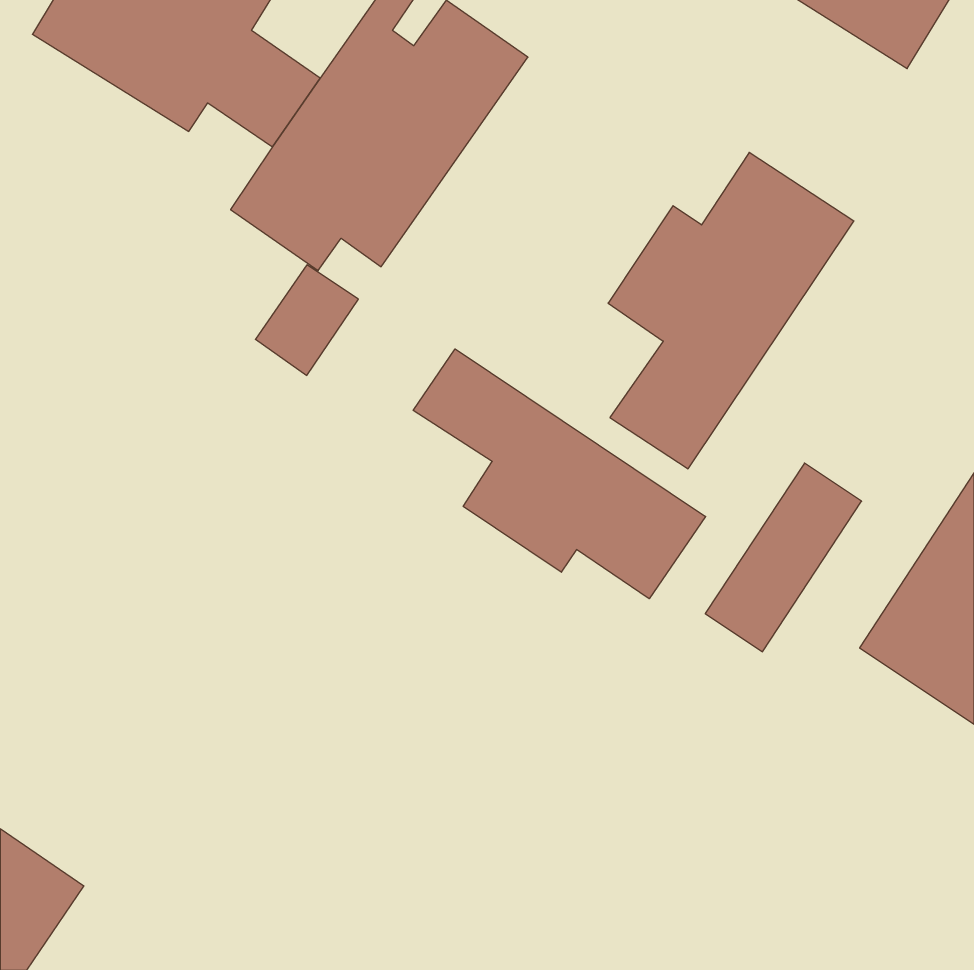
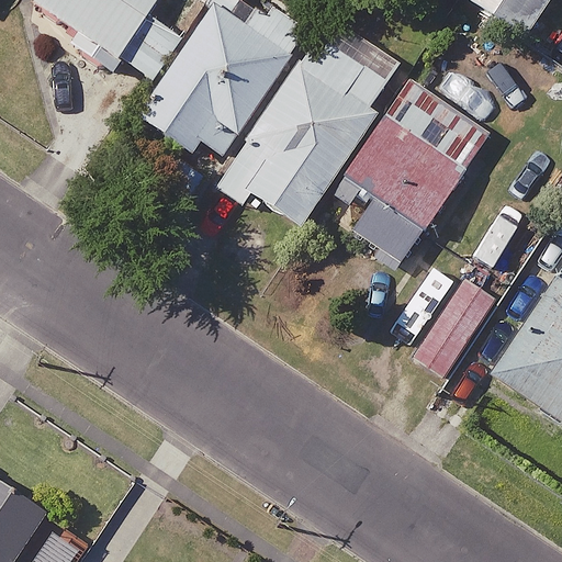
building: none -> [226,20,402,223]
building: [413,349,706,599] -> none

